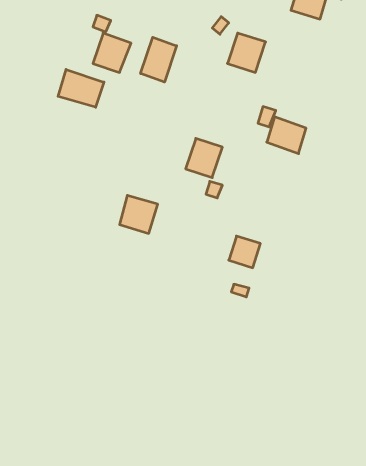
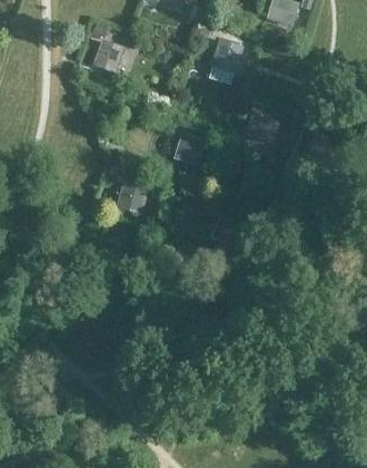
building: [141,37,177,82] -> none
building: [58,69,104,107] -> none

